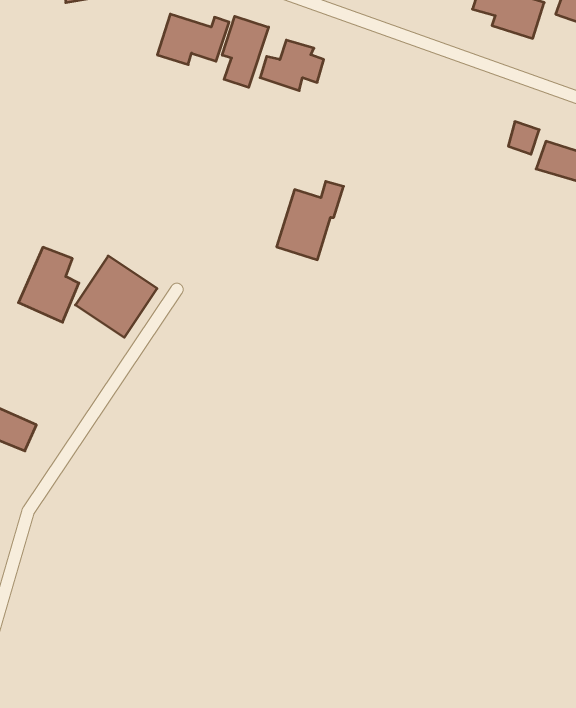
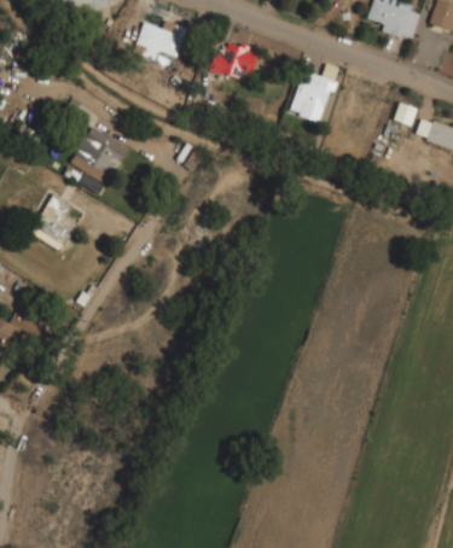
building: [222,16,269,87] -> none
building: [277,181,344,260] -> [290,63,339,121]
building: [75,256,157,337] -> [69,124,129,185]

